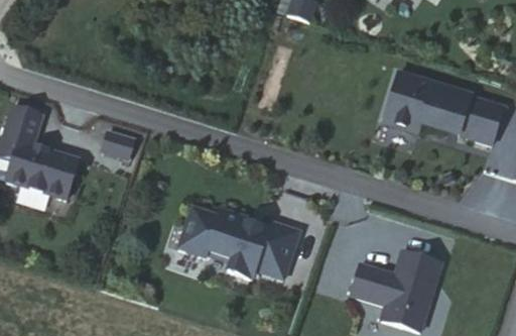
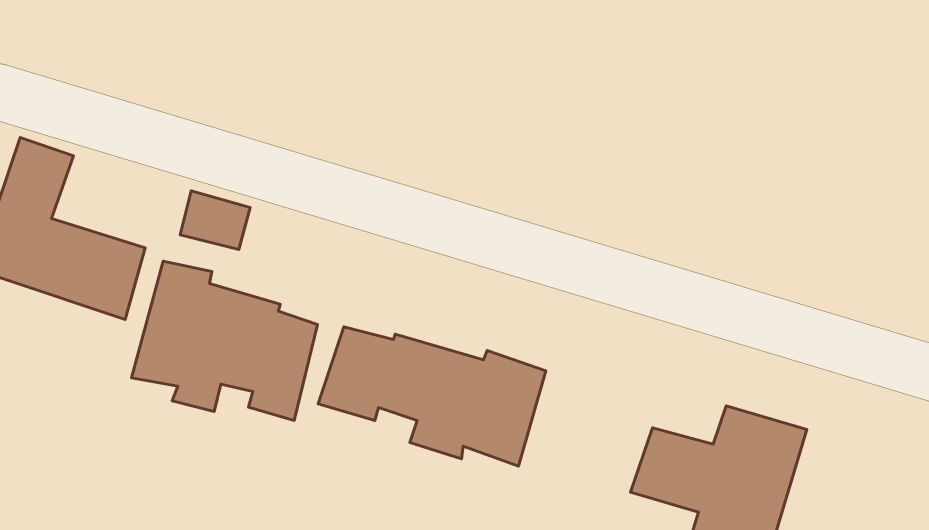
building: [385,78,504,151] -> none
building: none -> [131,261,317,421]

